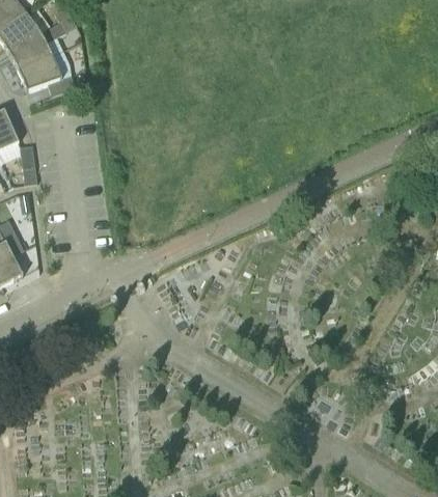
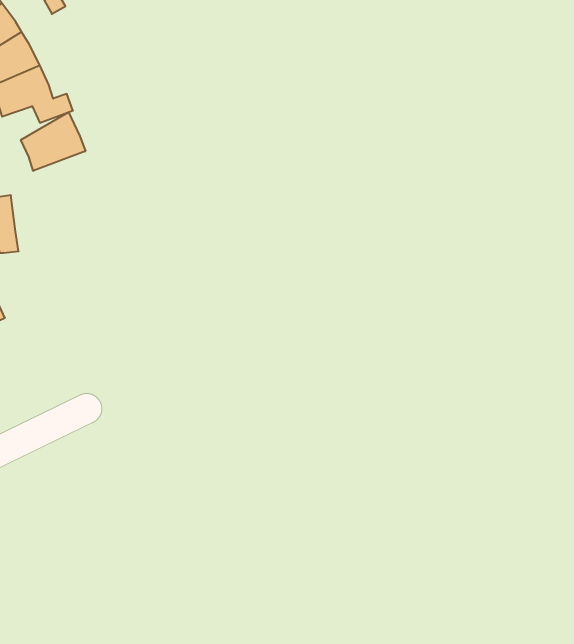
building: none -> [21,112,85,171]

